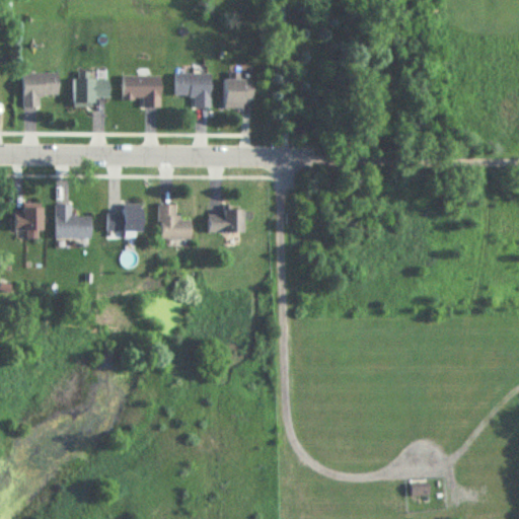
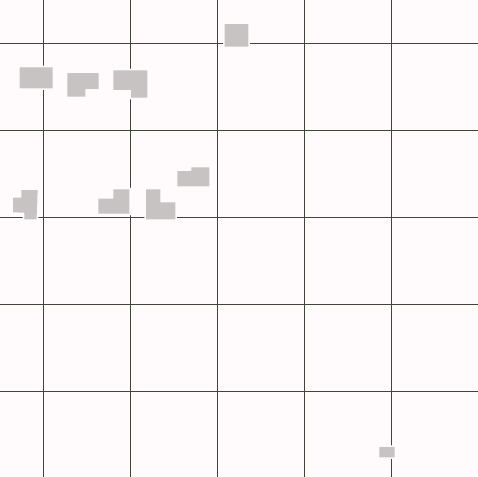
building: [174,73,211,106] -> none
building: [223,80,250,106] -> [224,23,249,48]
building: [56,204,91,238] -> none
building: [208,210,244,232] -> [177,166,210,187]

